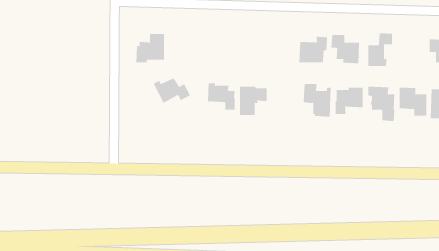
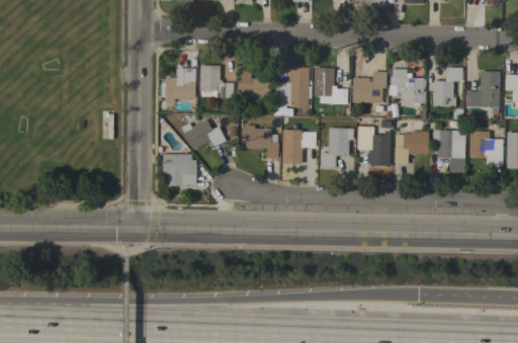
building: none -> [200,65,233,98]
building: none -> [274,67,310,106]
building: none -> [314,68,348,104]
building: none -> [237,69,271,103]
building: none -> [465,71,500,113]
building: none -> [320,127,353,168]
building: none -> [163,154,196,188]

